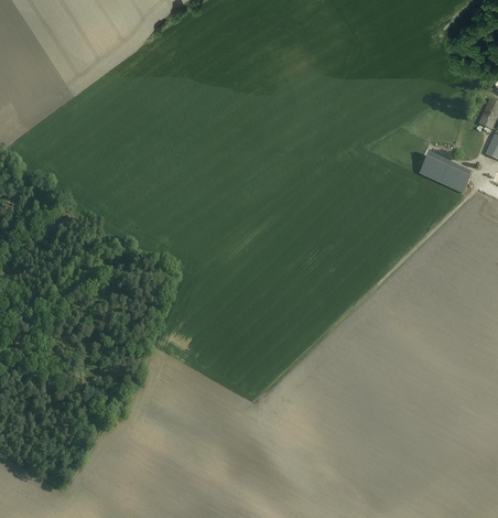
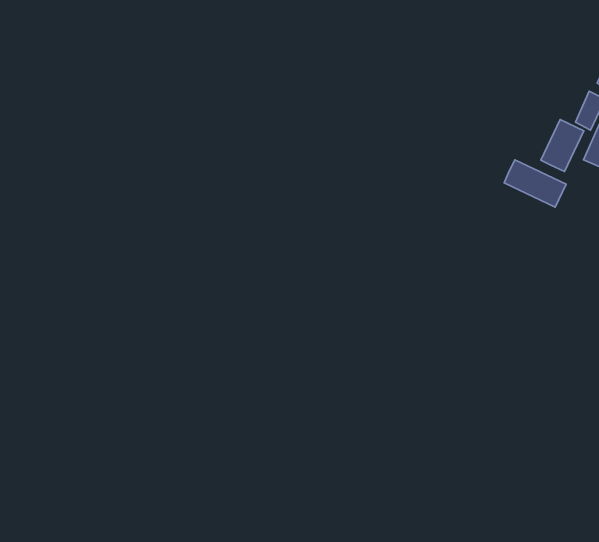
building: none -> [541,120,584,171]

